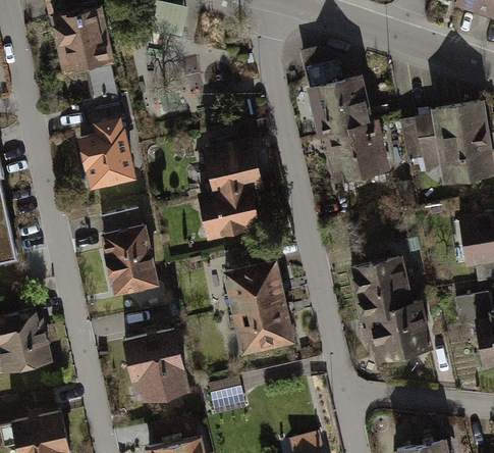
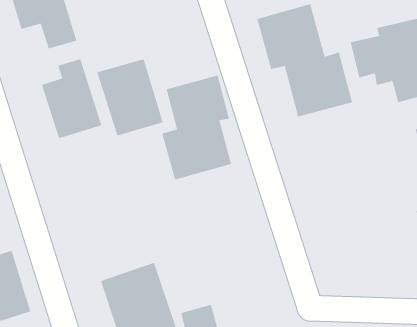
building: [100,221,164,299] -> [97,58,163,136]
building: [345,250,437,364] -> none
building: [218,263,283,352] -> none

